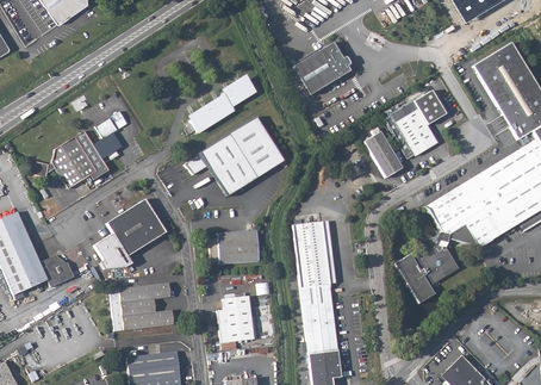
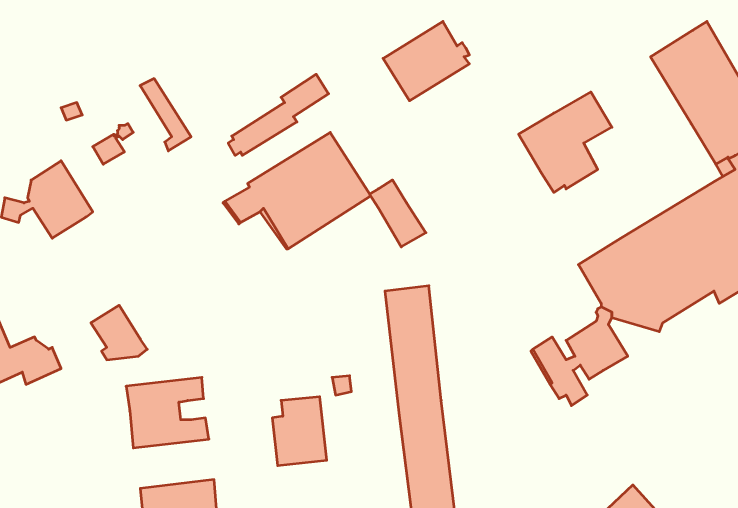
building: [75,131,110,180] -> [140,79,191,151]
building: [366,131,404,176] -> [370,180,426,247]
building: [108,199,167,256] -> none
building: [211,229,260,263] -> none

